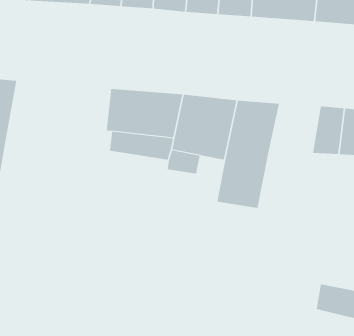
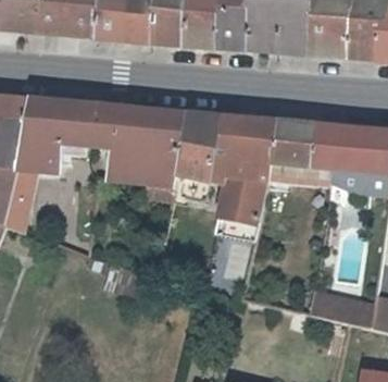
building: none -> [21,102,120,171]
building: none -> [270,124,317,171]

